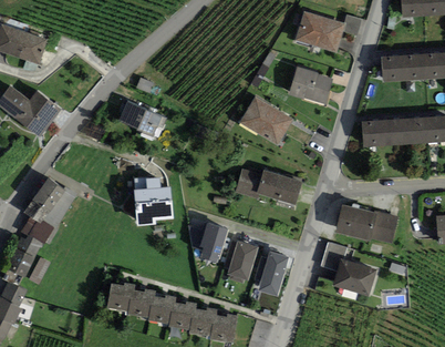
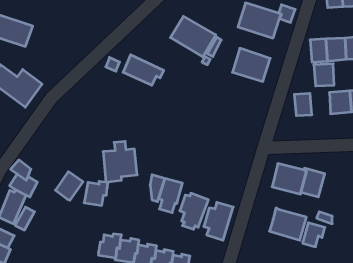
building: [239,96,293,145] -> [170,16,216,57]
building: [118,100,167,136] -> [123,55,164,85]
building: [381,119,405,145] -> [314,64,334,86]
building: [235,167,302,205] -> none
building: [32,177,65,212] -> [55,172,83,200]
building: [321,242,348,271] -> [303,223,325,247]
building: [106,282,135,310] -> [84,181,108,205]

